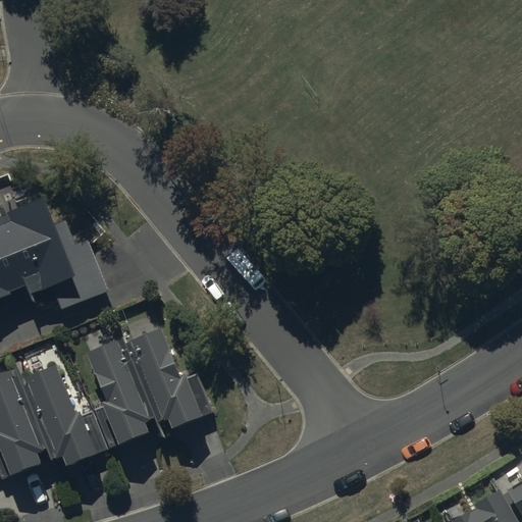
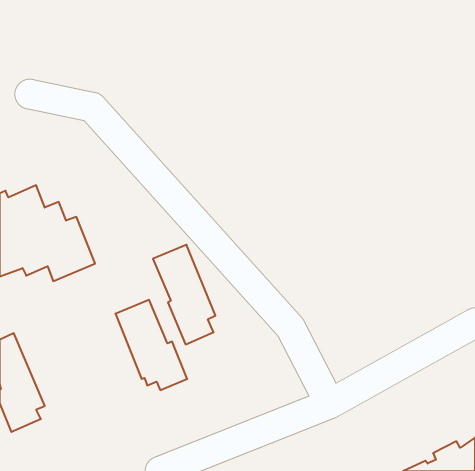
building: [87,338,155,448] -> [153,245,215,344]
building: [29,366,108,465] -> none

